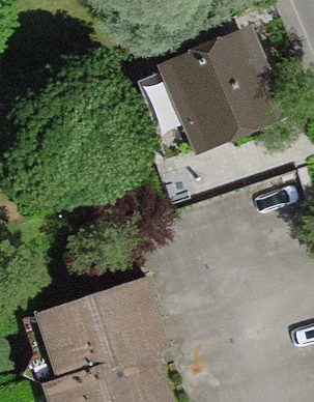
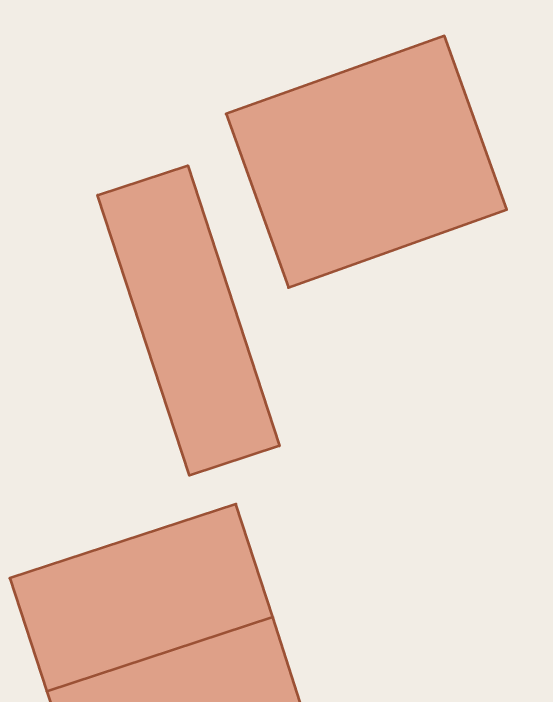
building: none -> [98,166,279,475]

